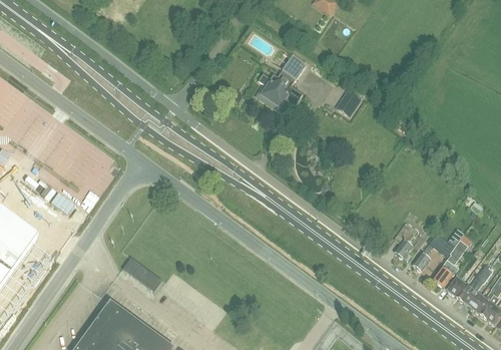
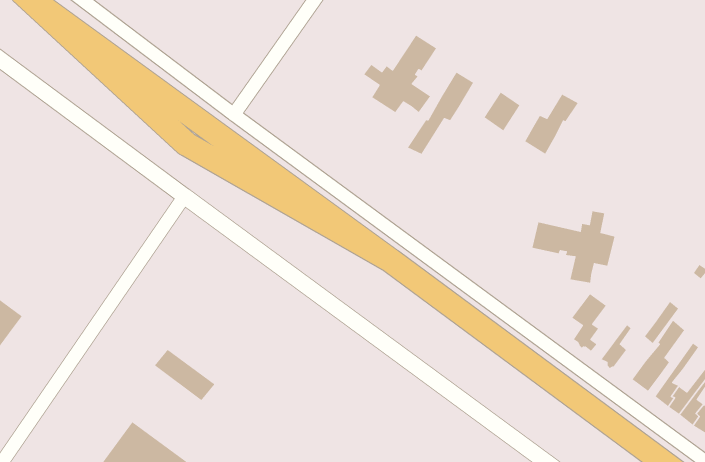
building: none -> [407,71,474,155]
building: none -> [524,94,579,155]
building: none -> [532,210,616,284]

